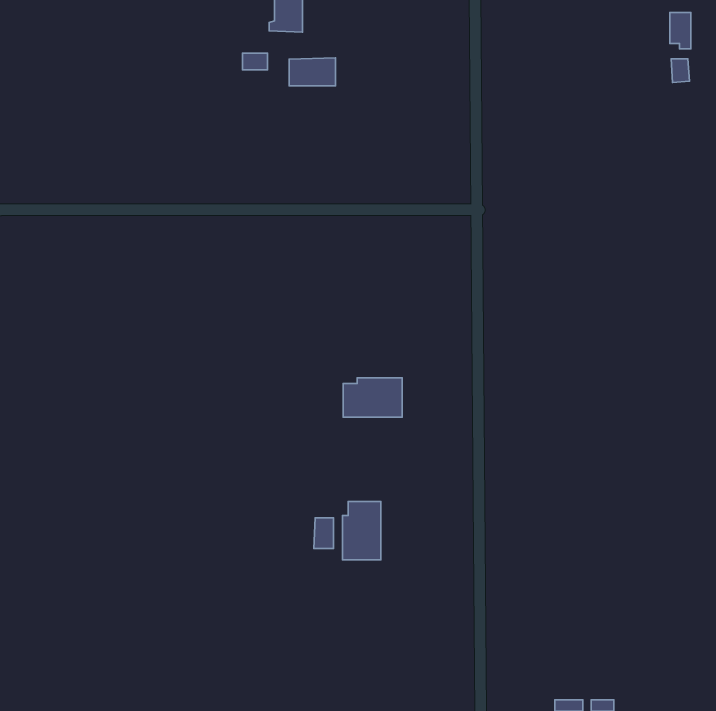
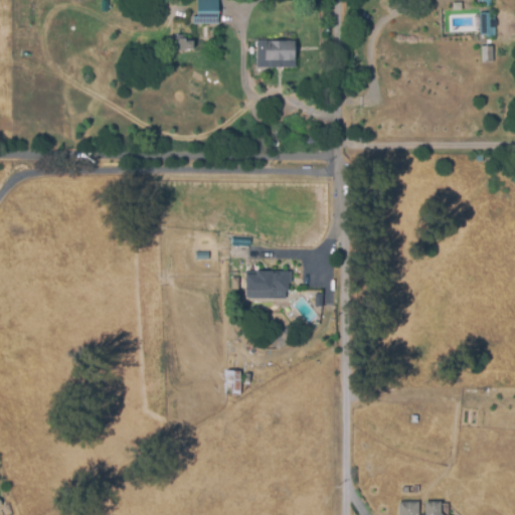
building: [289,58,335,86] -> [261,40,294,60]
building: [343,501,381,560] -> none

